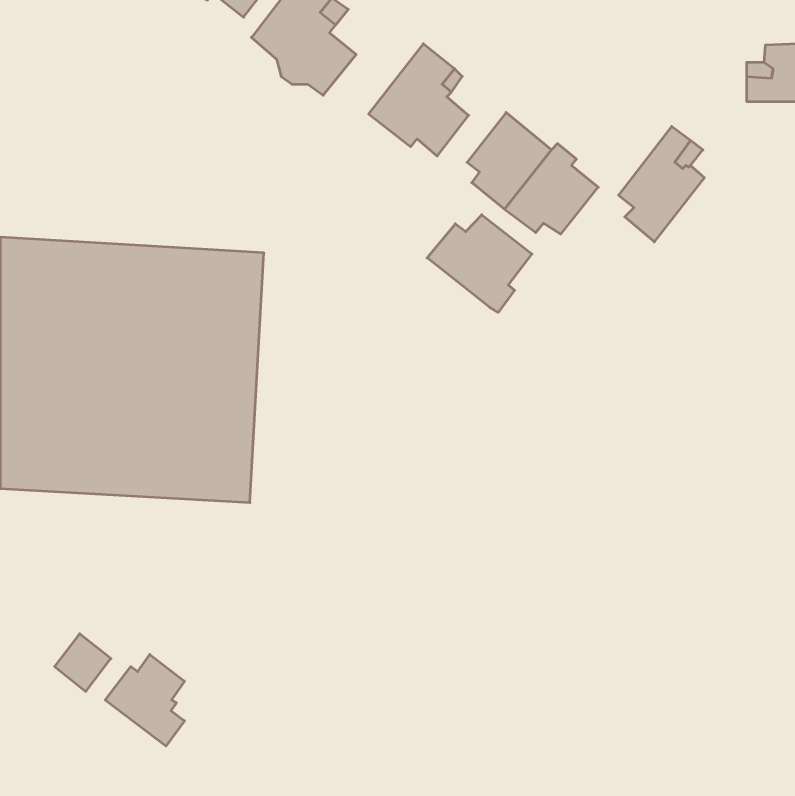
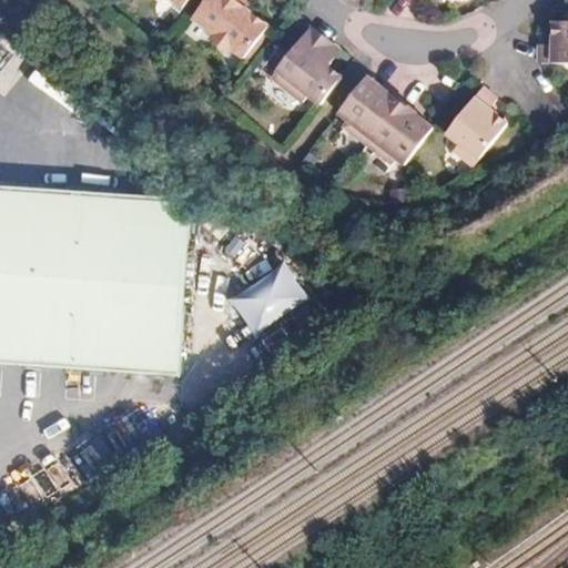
building: [427,215,532,312] -> none
building: none -> [234,266,313,334]
building: [105,654,185,746] -> none

